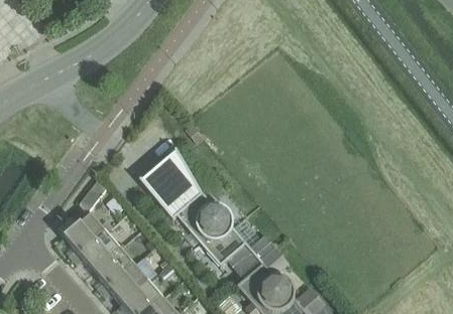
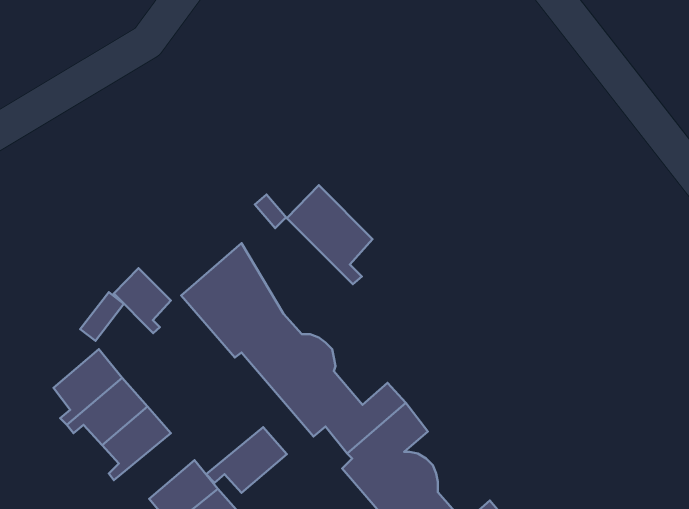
building: none -> [287,185,373,284]
building: none -> [114,268,171,333]
building: [99,263,147,302] -> [206,427,287,493]

